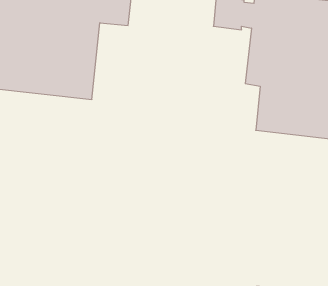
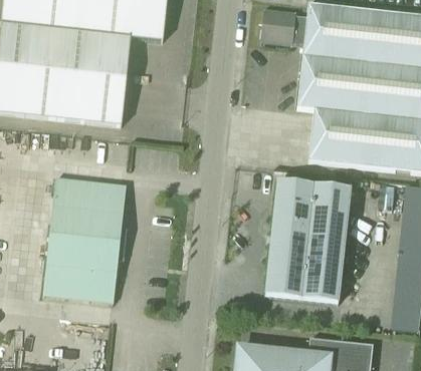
building: none -> [42,176,127,301]
building: none -> [264,180,350,300]

